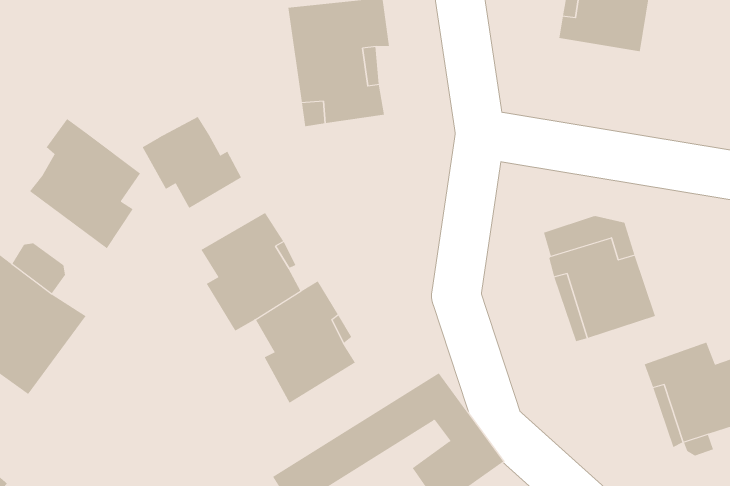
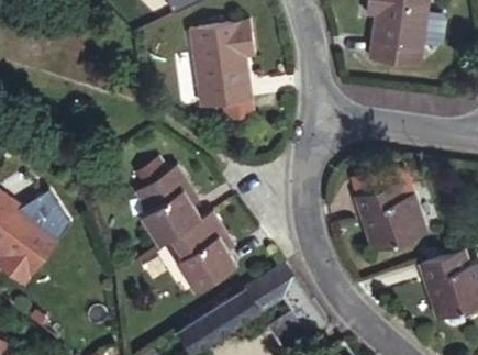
building: [142,116,242,209] -> none
building: [29,118,141,249] -> none

